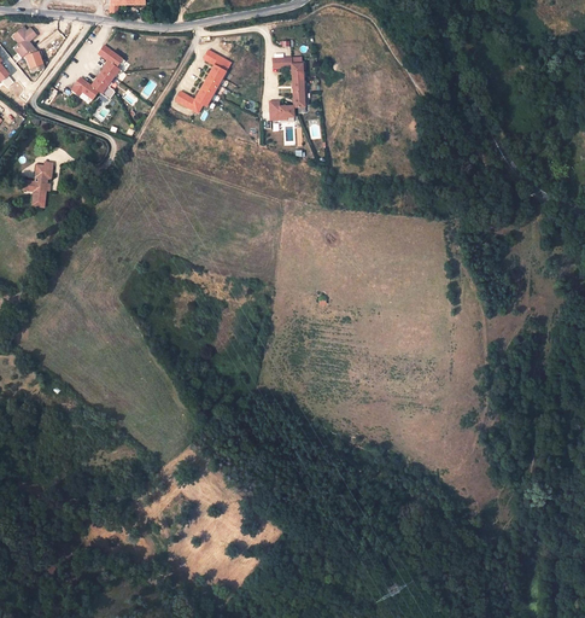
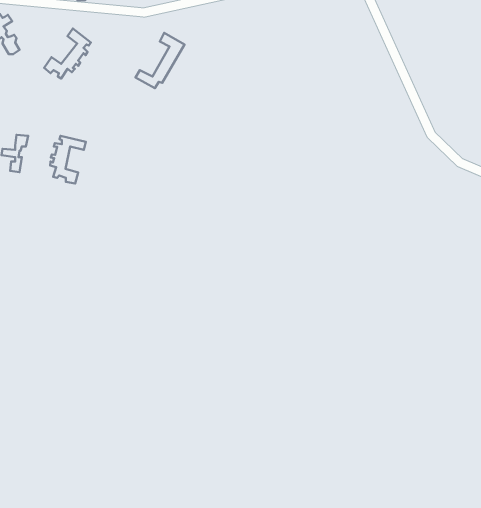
building: [269,57,306,119] -> none
building: none -> [50,136,86,184]

